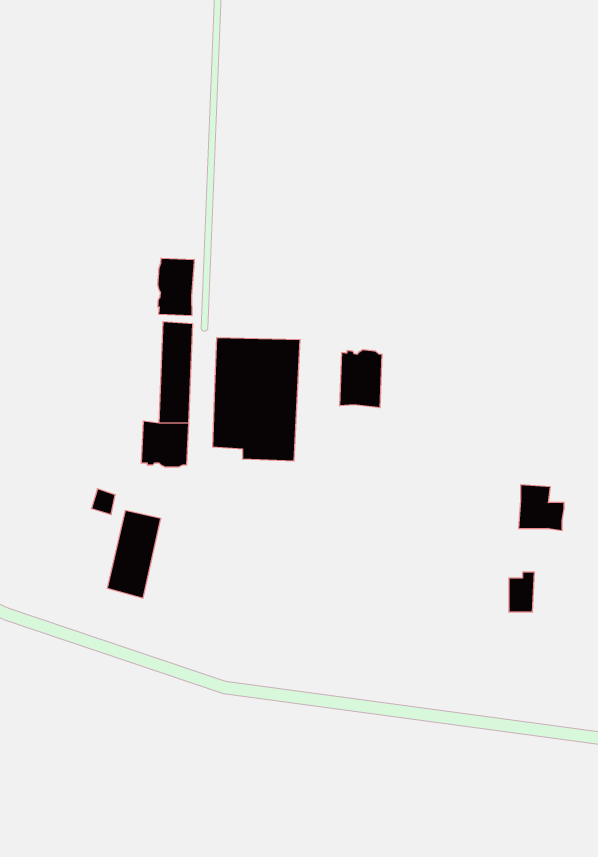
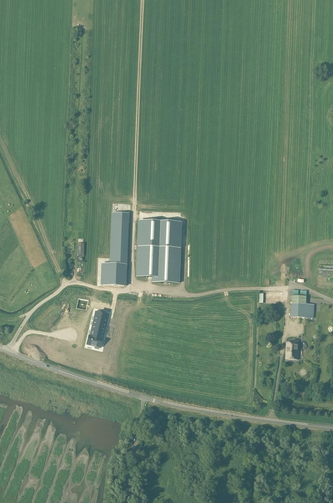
building: [158,258,194,316] -> none
building: [340,350,382,408] -> none

